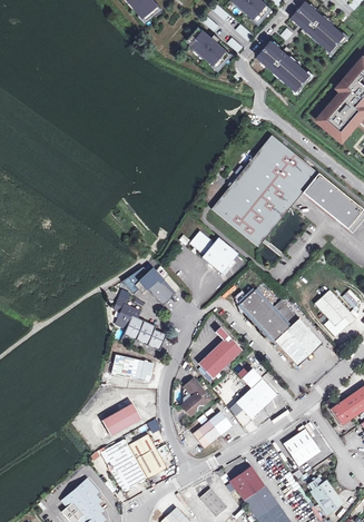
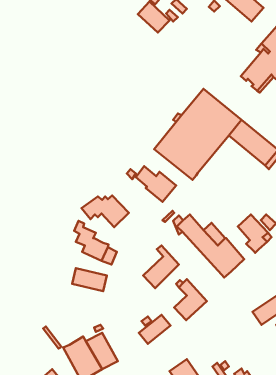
building: [258,41,315,92] -> none
building: [181,378,209,416] -> none
building: [99,398,141,436] -> none
building: [283,429,321,466] -> none

